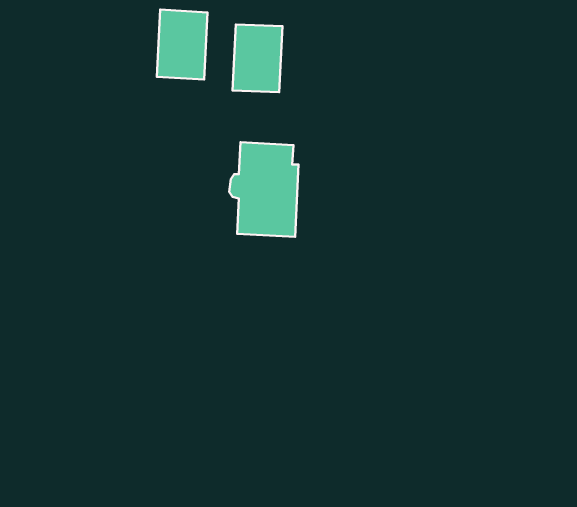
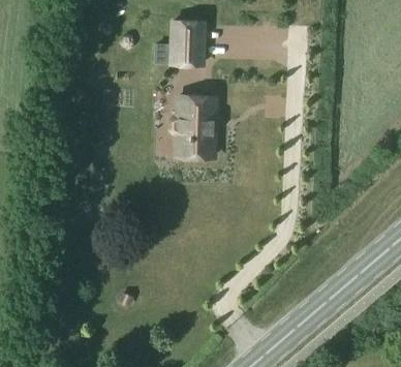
building: [157,10,207,80] -> none

